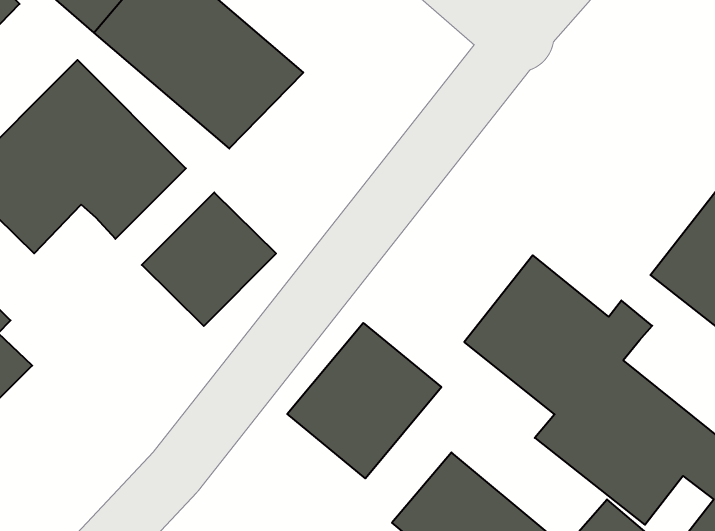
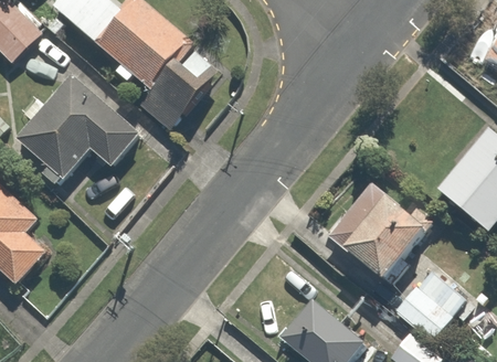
building: [142,192,276,326] -> none
building: [287,323,441,478] -> none

